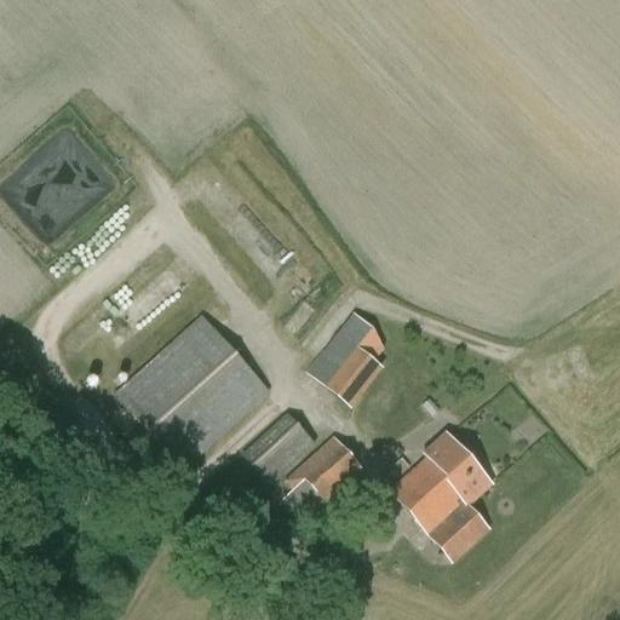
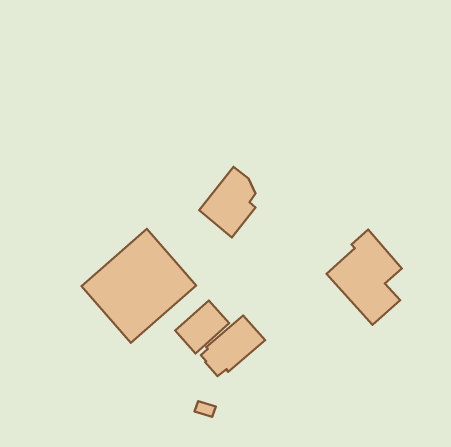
building: [306,309,384,406] -> [199,167,256,238]
building: [389,430,492,561] -> [327,230,402,325]

